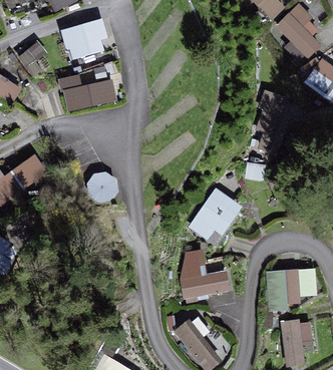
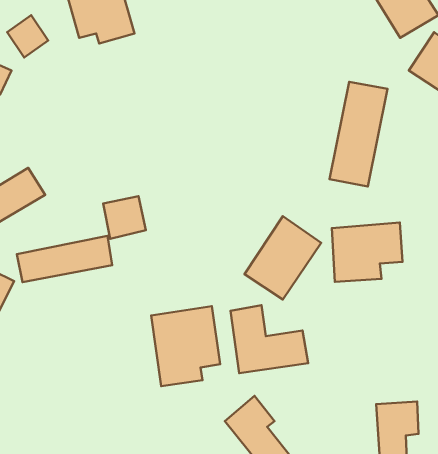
building: [60,75,116,109] -> none
building: none -> [17,236,112,282]
building: none -> [151,306,220,386]
building: [267,266,317,308] -> [332,222,403,282]

